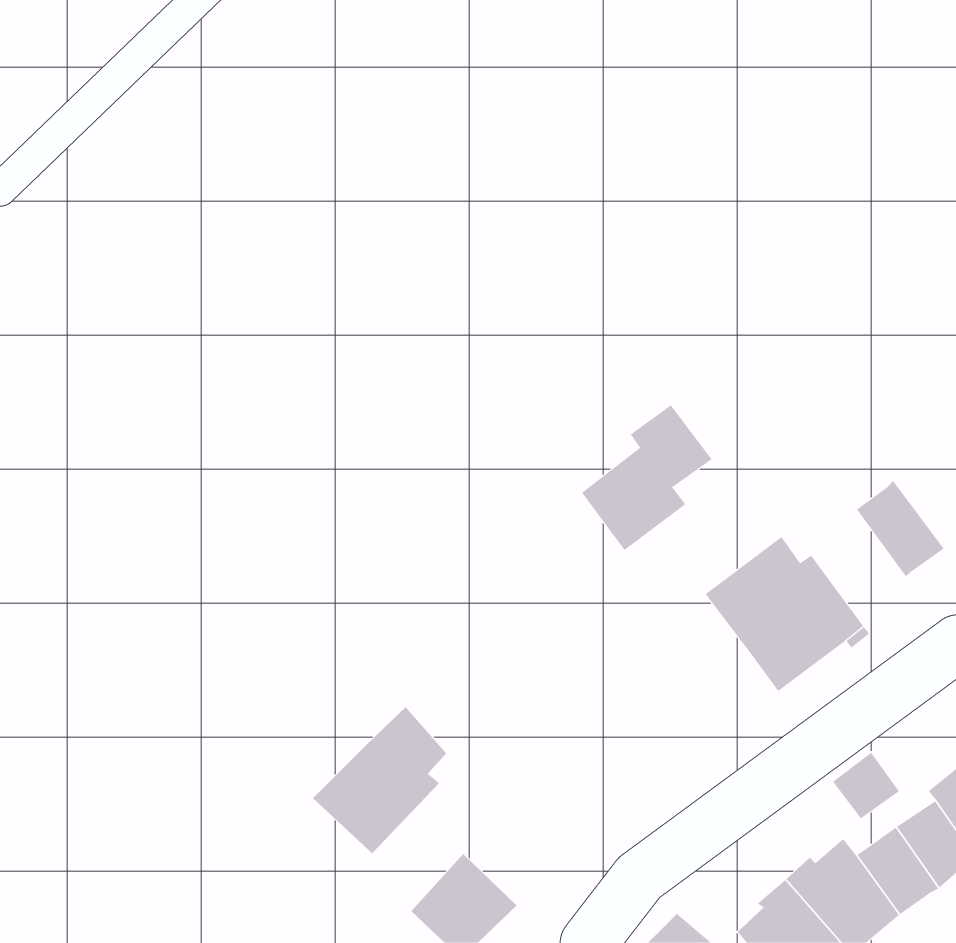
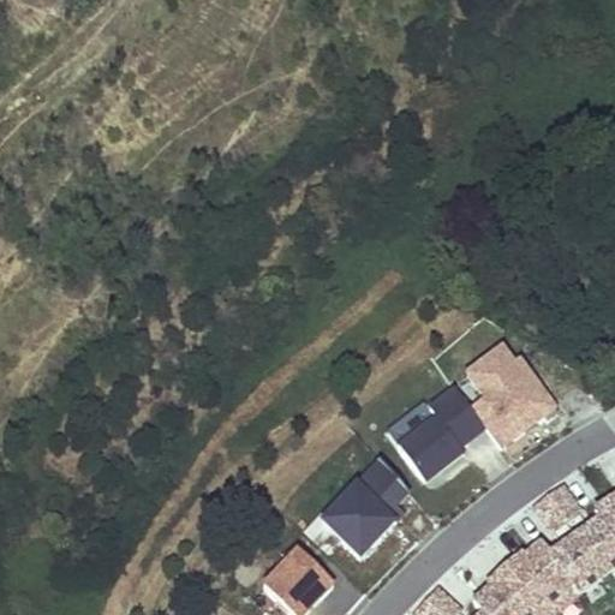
building: [581,405,712,551] -> [399,386,483,479]
building: [856,480,945,577] -> none
building: [312,706,447,854] -> [322,459,408,554]

